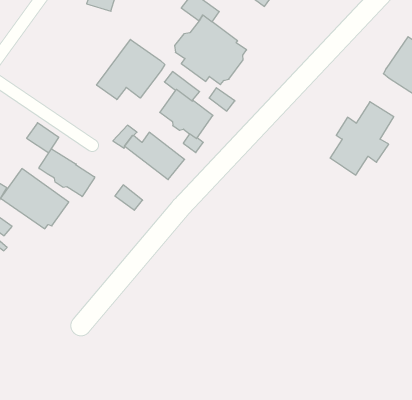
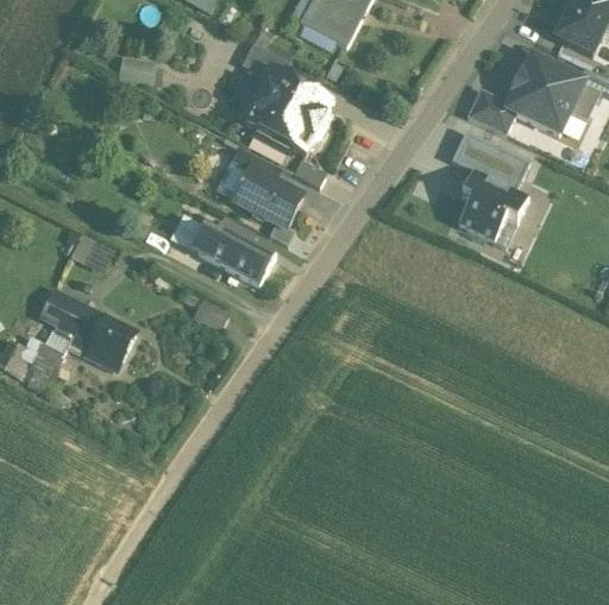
building: [97,39,165,100] -> none
building: none -> [466,88,516,134]
building: none -> [451,132,496,177]
building: [39,149,95,197] -> none

